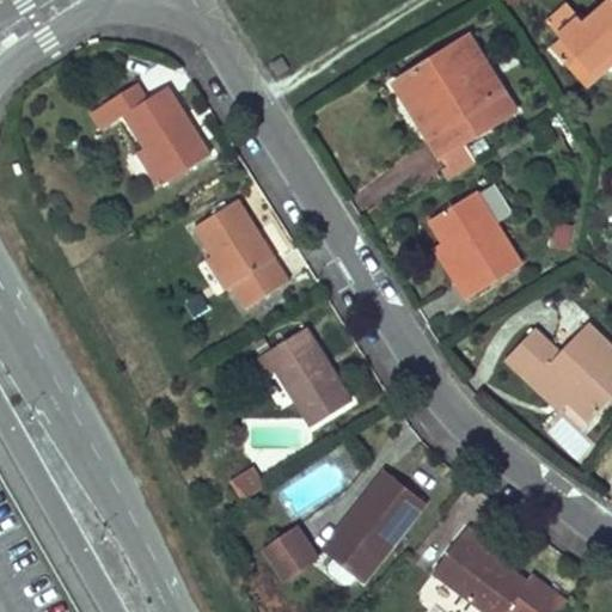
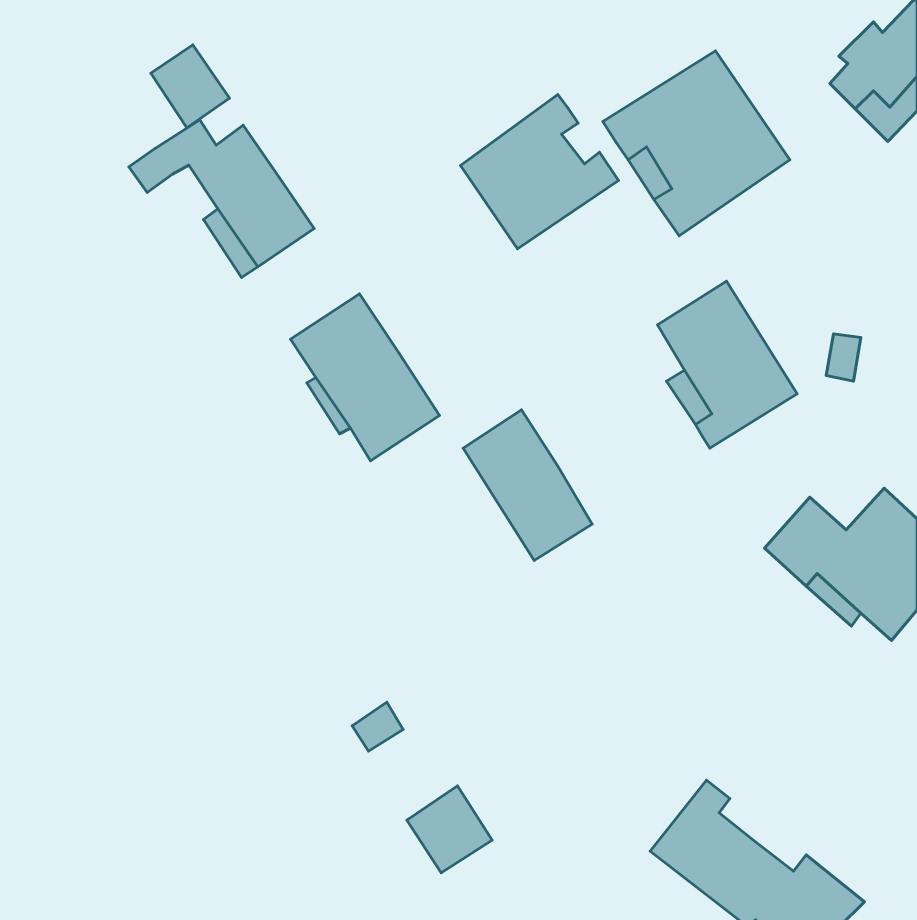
building: none -> [151,45,229,128]
building: none -> [461,94,618,249]
building: [267,325,351,424] -> [463,410,592,561]
building: [322,467,422,579] -> none

